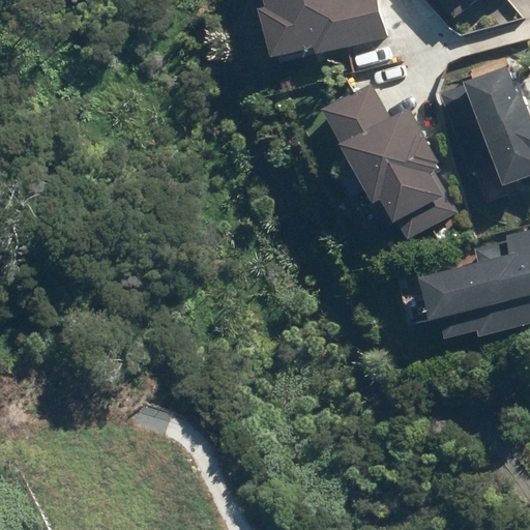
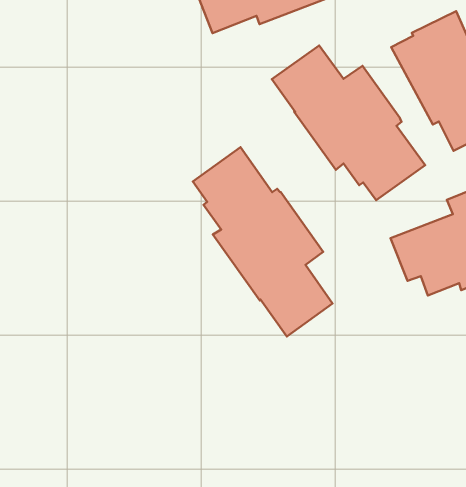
building: none -> [193,147,332,336]

